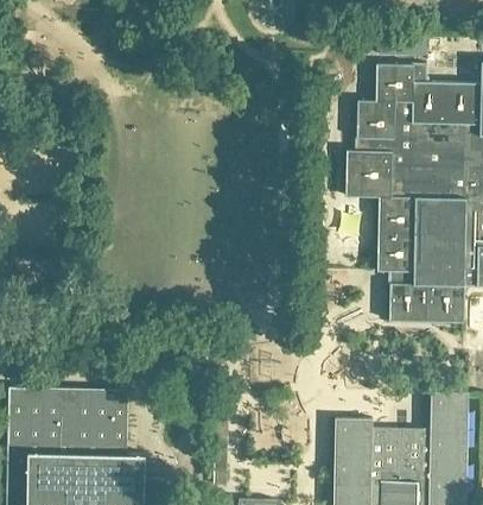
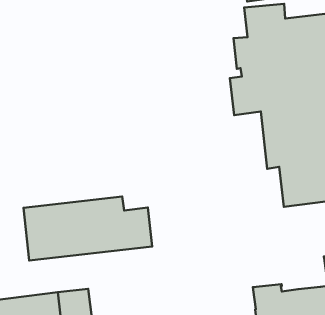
building: none -> [24,197,152,261]

